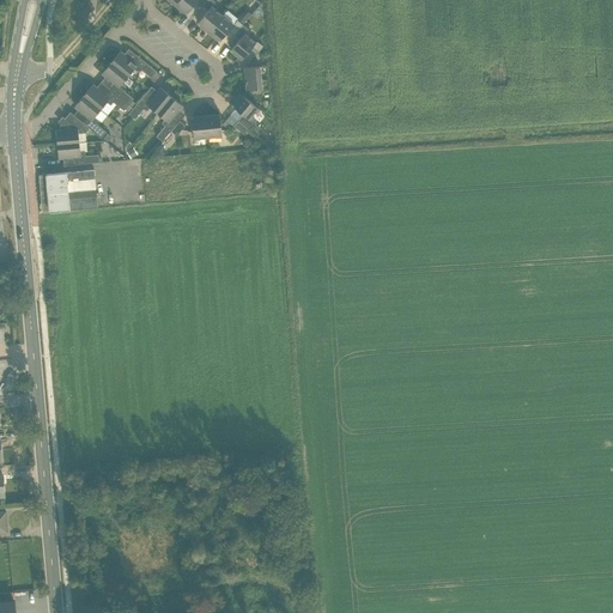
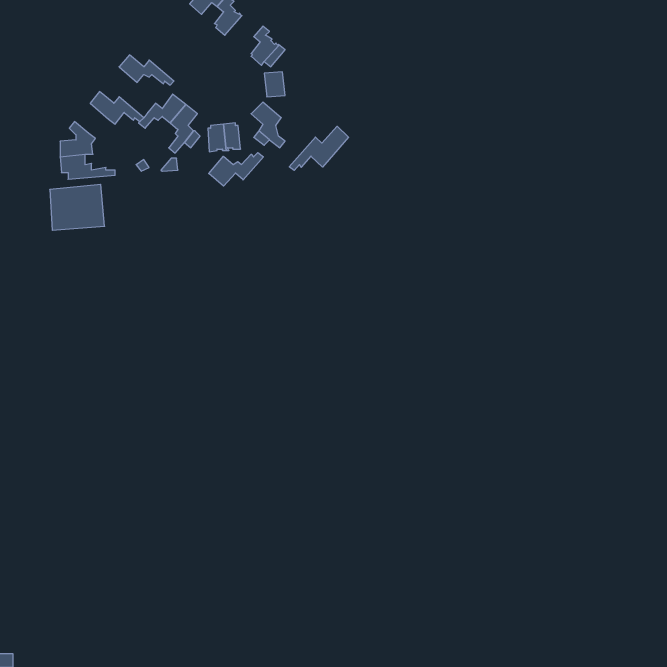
building: [206,8,250,40] -> none
building: [101,61,135,108] -> none
building: [73,95,104,136] -> none
building: none -> [289,126,349,170]
building: none -> [209,153,263,186]

